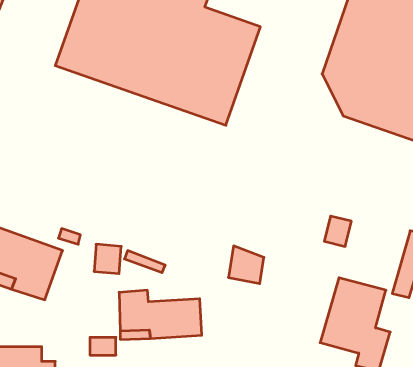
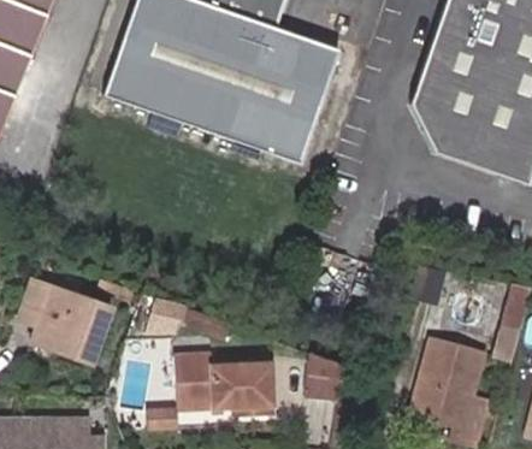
building: [228,246,264,284] -> [302,351,343,395]

